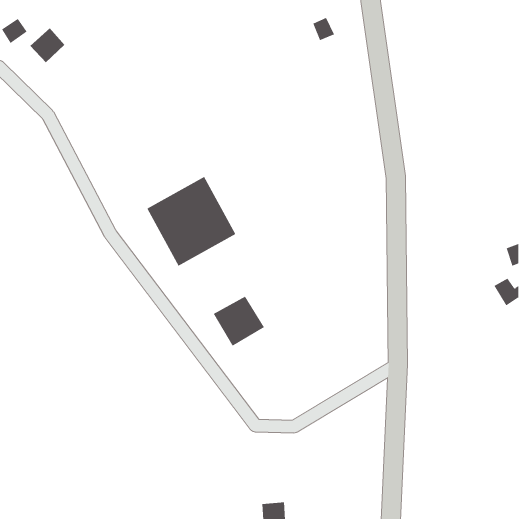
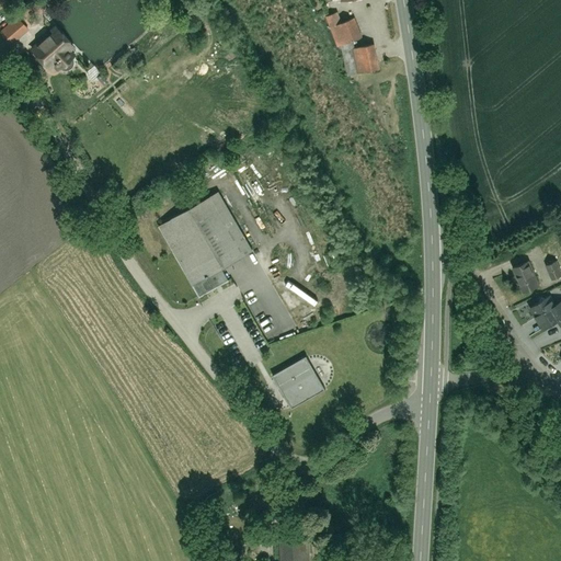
building: none -> [355,44,381,77]
building: none -> [512,262,538,296]
building: [213,296,265,347] -> [272,356,328,411]

